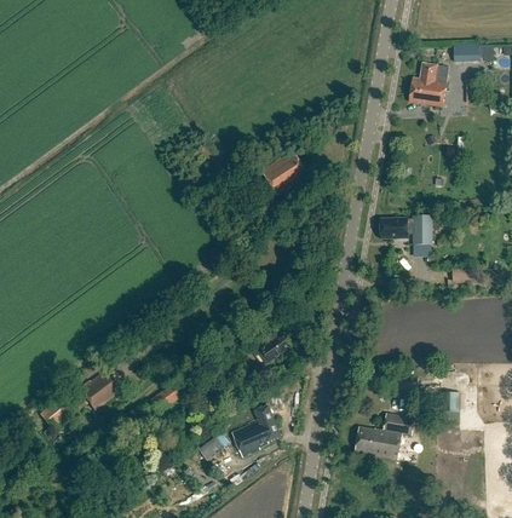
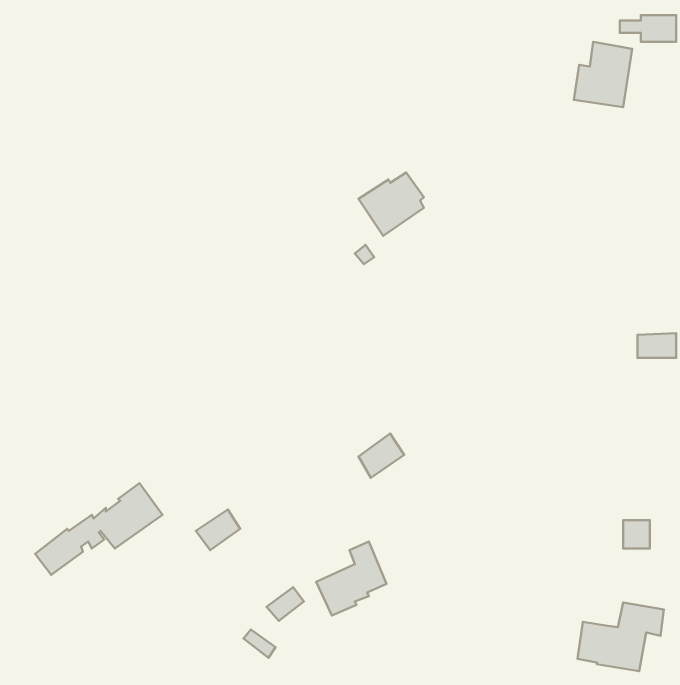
building: [379,214,432,243] -> none
building: [355,414,414,461] -> [577,602,664,671]

